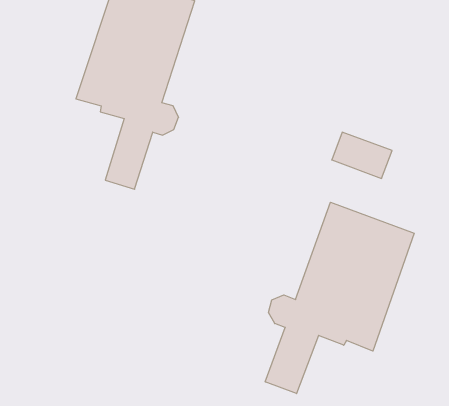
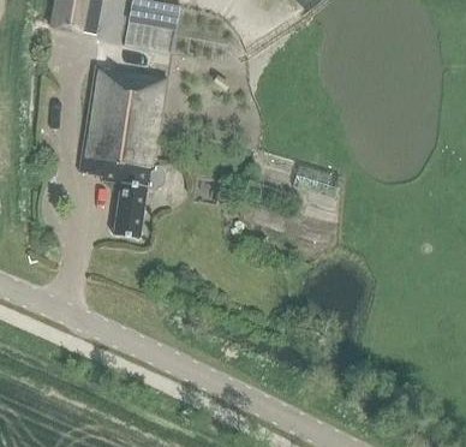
building: [265,202,414,394] -> none

